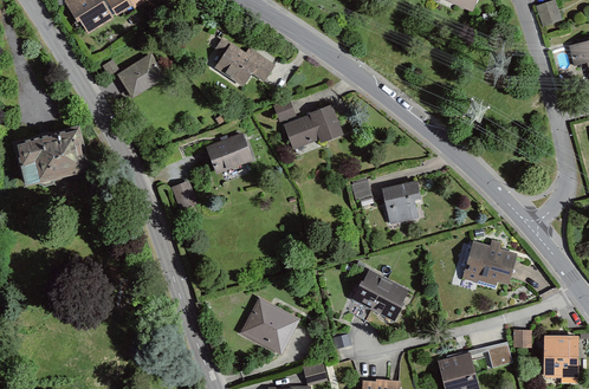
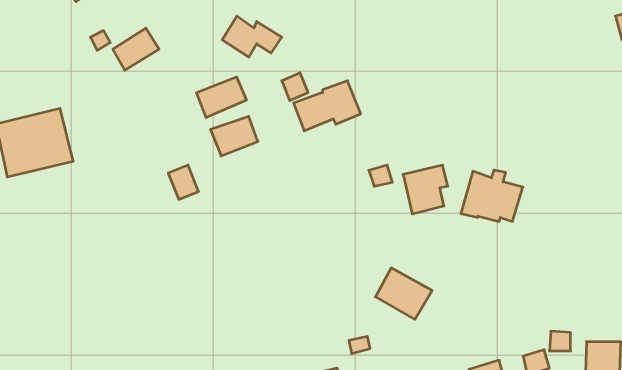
building: none -> [197,77,246,118]
building: [461,239,517,285] -> [461,170,523,221]
building: [244,302,296,351] -> none

